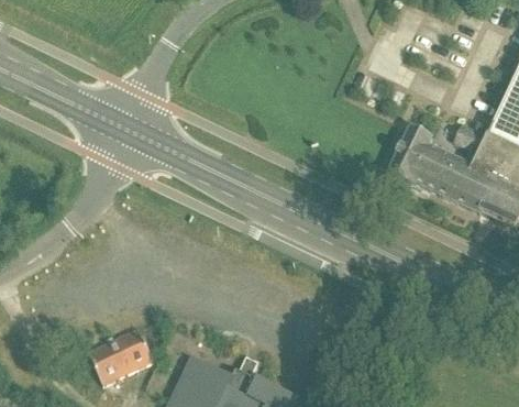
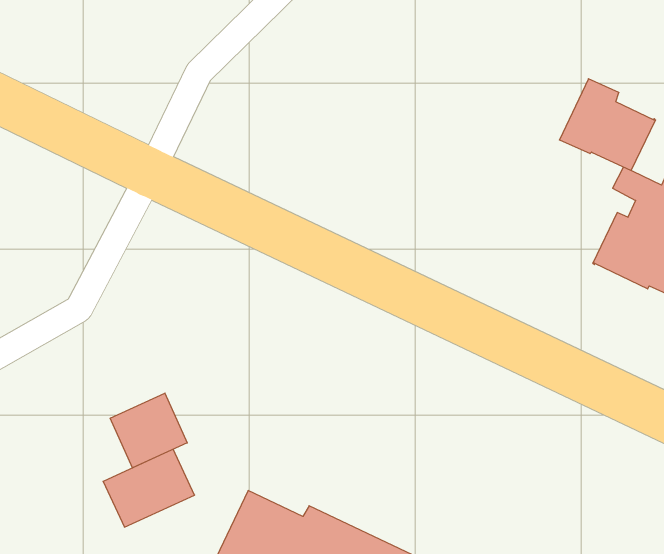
building: [388,128,457,194] -> [559,79,656,170]
building: none -> [110,393,187,468]

